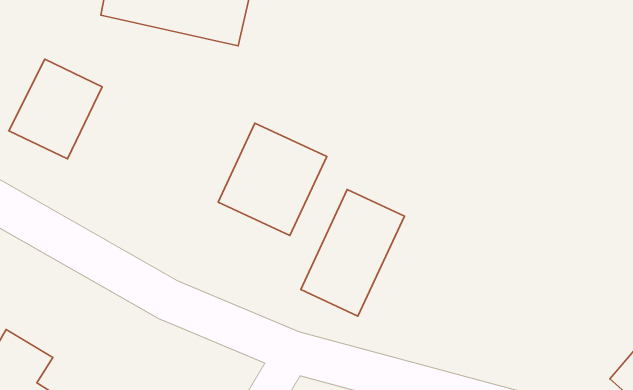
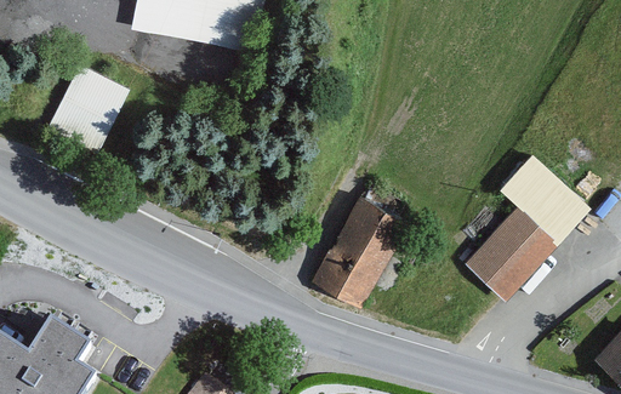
building: [218,123,327,236] -> none
building: none -> [465,153,593,302]

